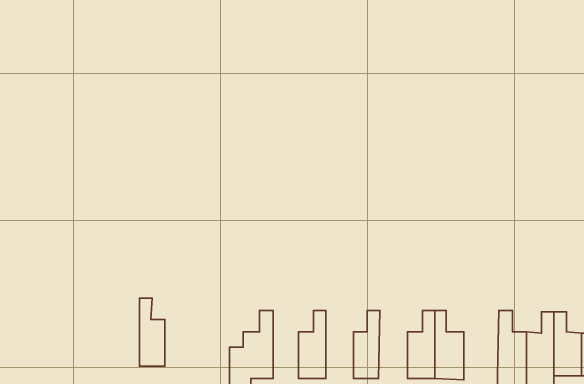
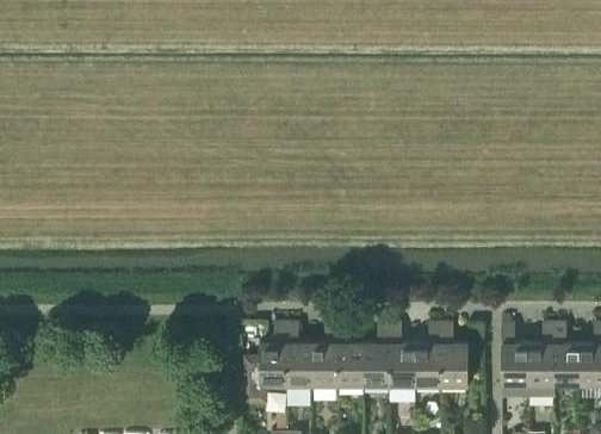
building: [140,298,165,366] -> [287,322,311,386]
building: none -> [337,322,364,386]
building: none -> [388,322,415,386]

